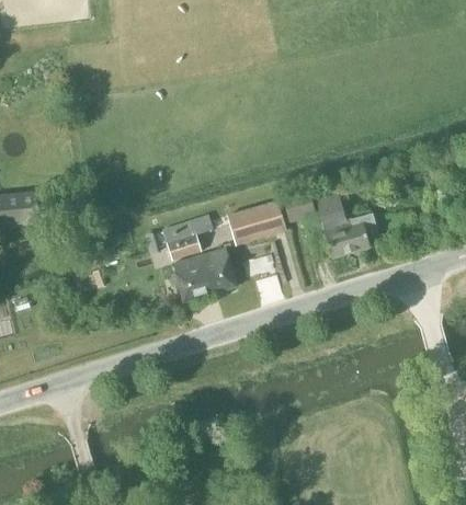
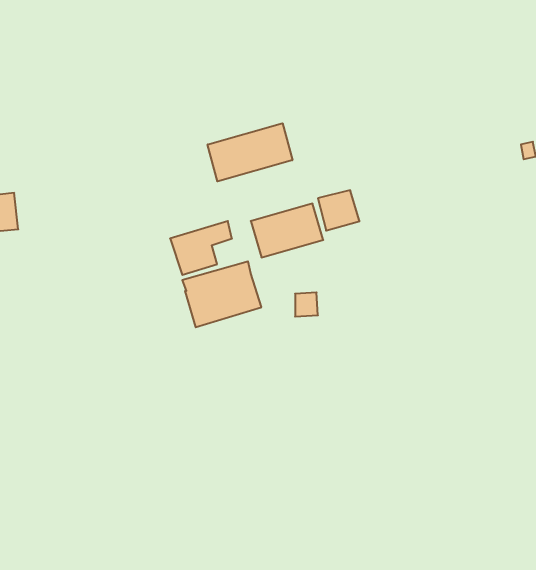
building: none -> [208,123,292,181]
building: [317,191,378,257] -> none

